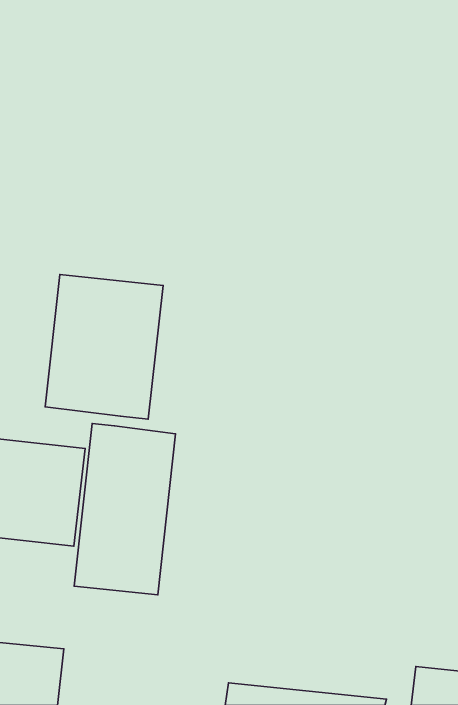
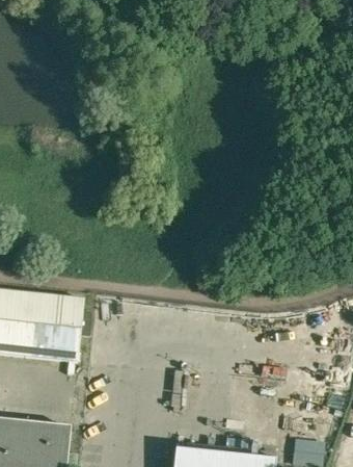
building: [45,274,163,419] -> none
building: [74,424,176,595] -> none

